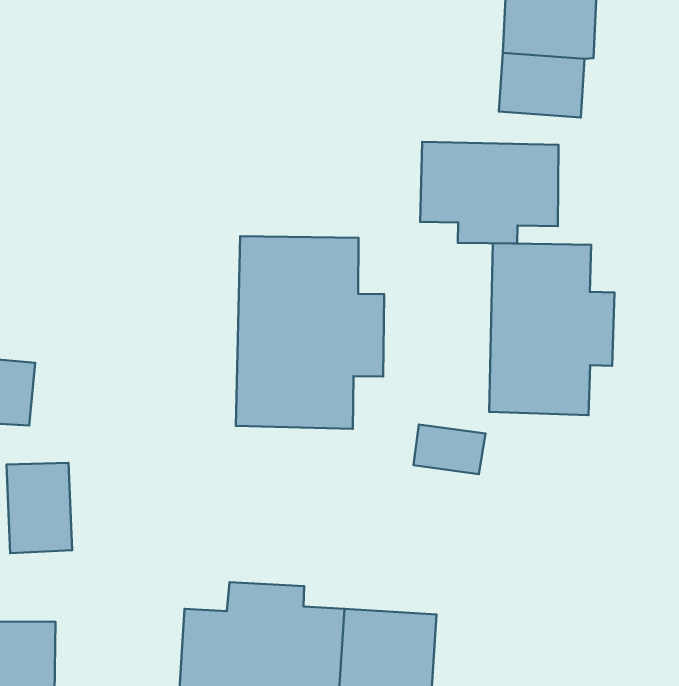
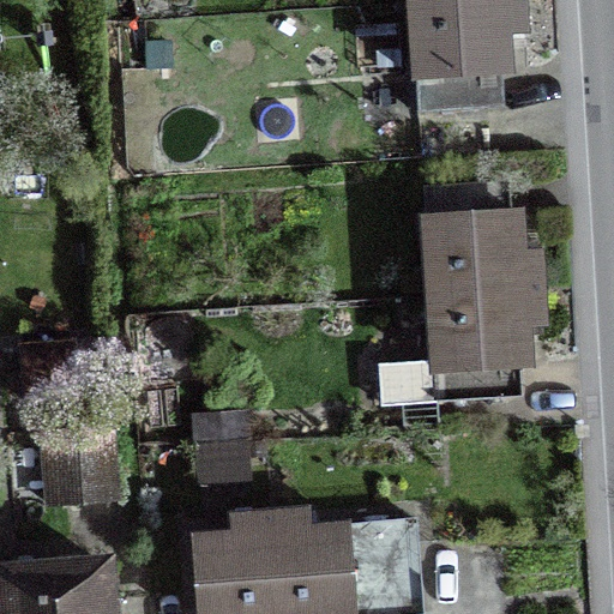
building: [420,142,559,243] -> none
building: [236,236,384,429] -> none

